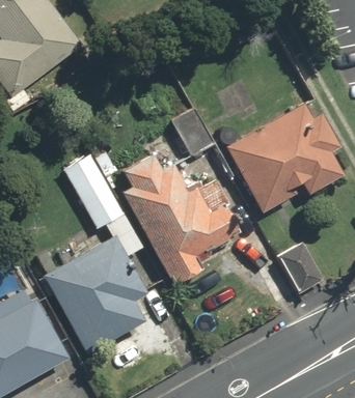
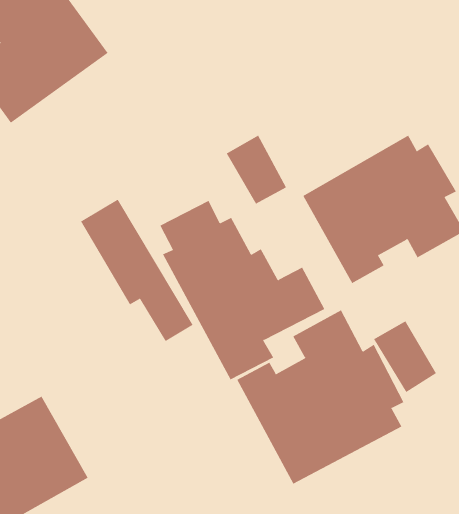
building: none -> [236,309,404,485]
building: [40,234,146,352] -> none

